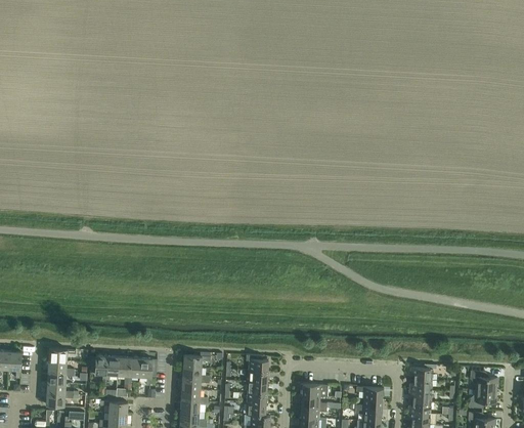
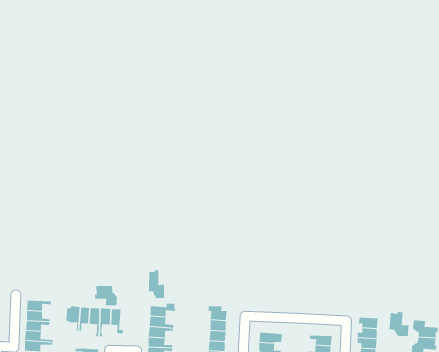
building: none -> [148,269,164,299]
building: none -> [95,285,118,306]
building: none -> [389,311,409,337]

